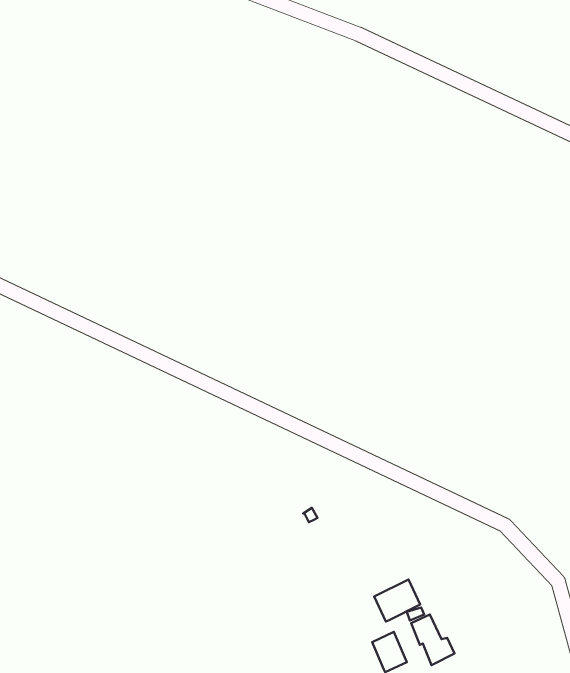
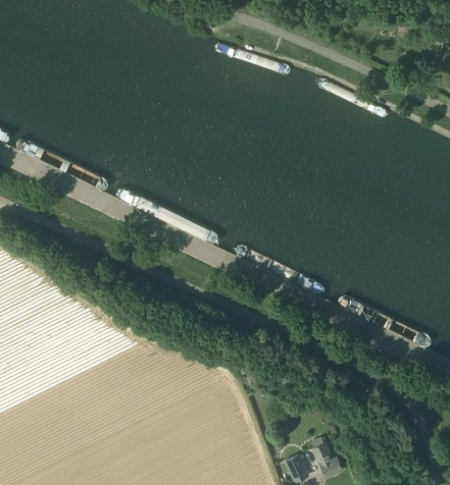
building: [374,579,420,622] -> none

